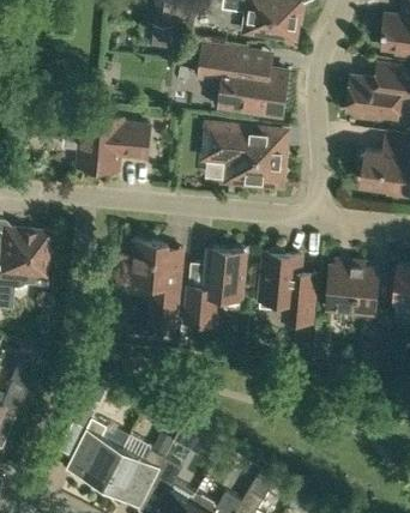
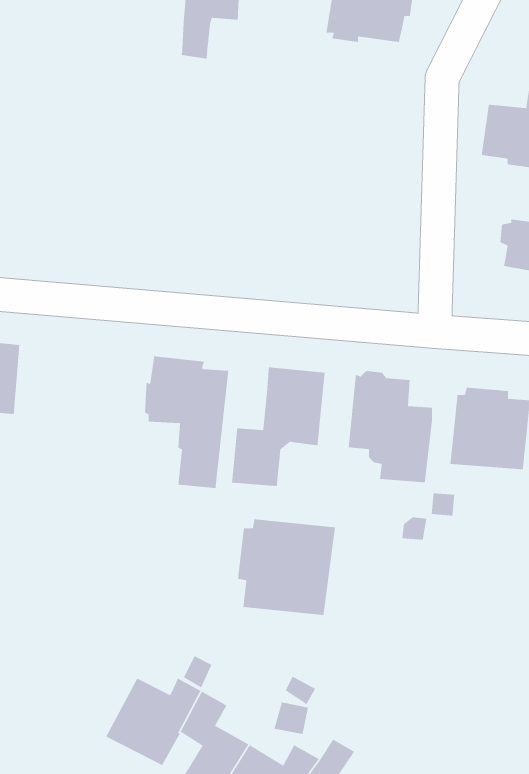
building: [199,43,288,115] -> none
building: [76,115,150,169] -> none
building: [204,123,287,186] -> none
building: none -> [237,519,336,616]
building: [67,418,123,487] -> none

